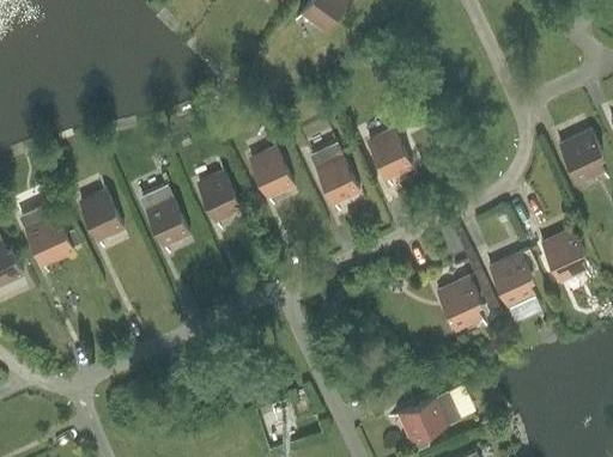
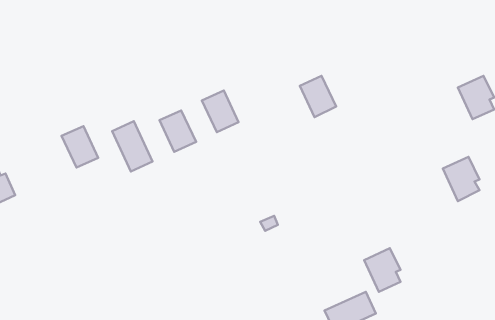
building: [310,141,359,203] -> none
building: [19,203,79,266] -> none
building: [490,251,533,304] -> none
building: [437,276,481,329] -> [364,248,401,292]

